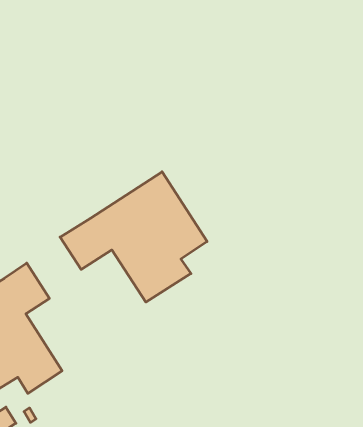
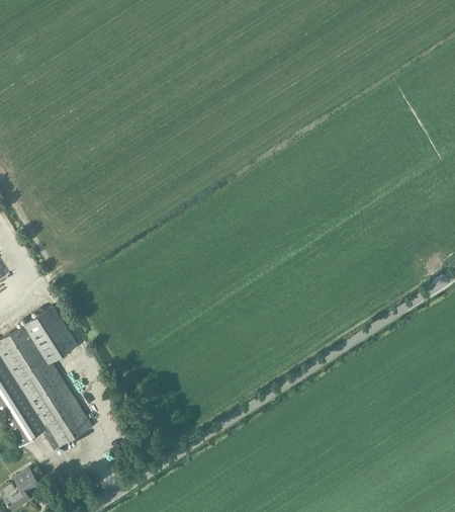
building: [60,172,207,302] -> none

